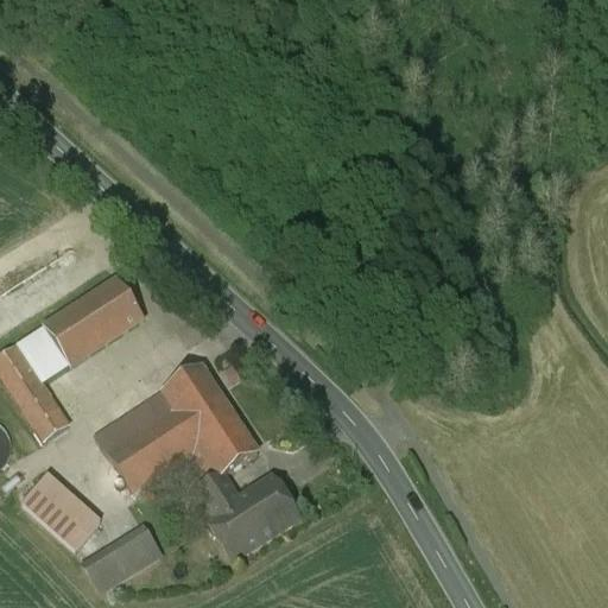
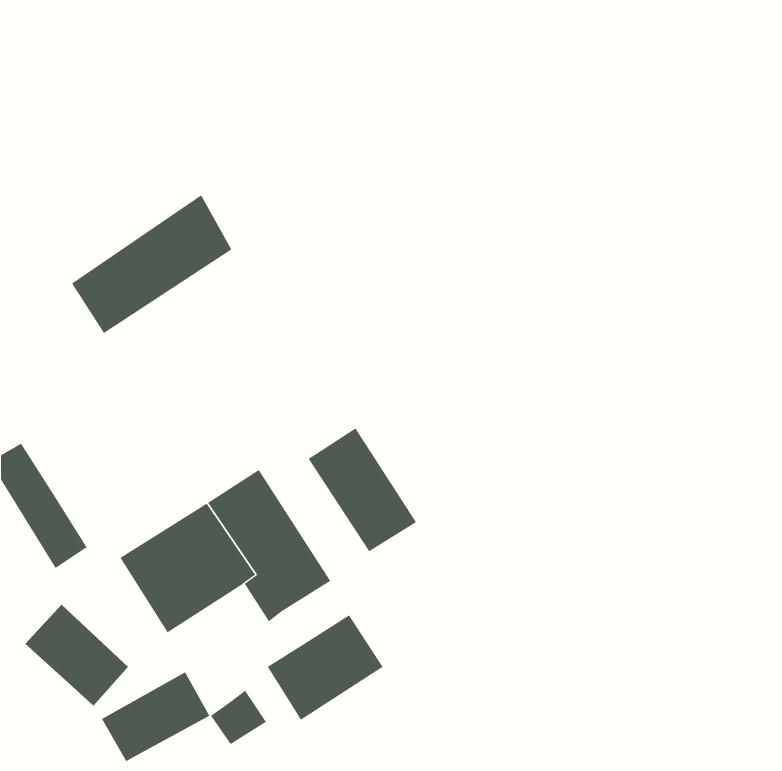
building: [18,274,142,382] -> [71,194,232,334]
building: none -> [308,427,417,552]
building: [192,474,236,517] -> [210,690,267,745]

